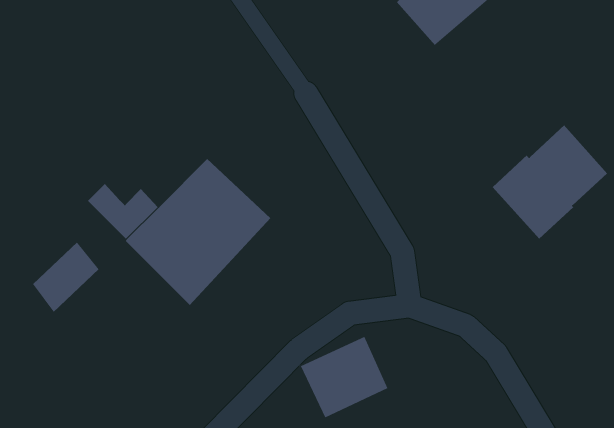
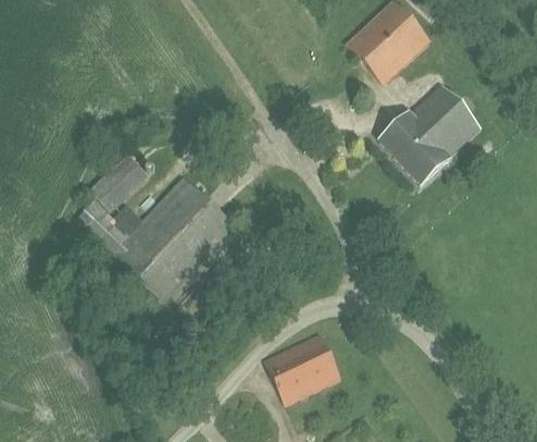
building: [492,125,608,240] -> [378,85,479,185]
building: [32,242,100,313] -> [88,152,147,214]

